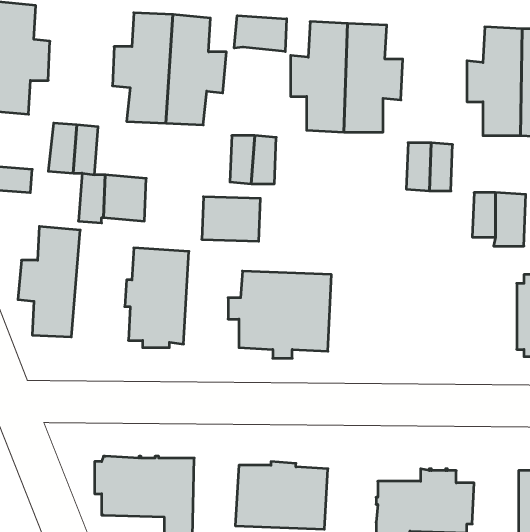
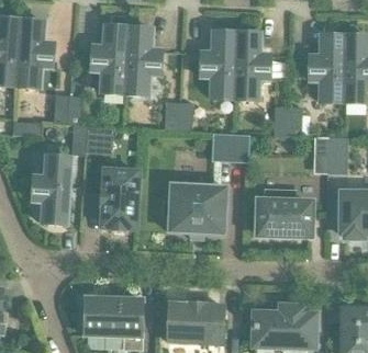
building: [234,16,287,52] -> none
building: [202,197,260,241] -> [212,132,248,159]
building: none -> [258,186,311,235]

